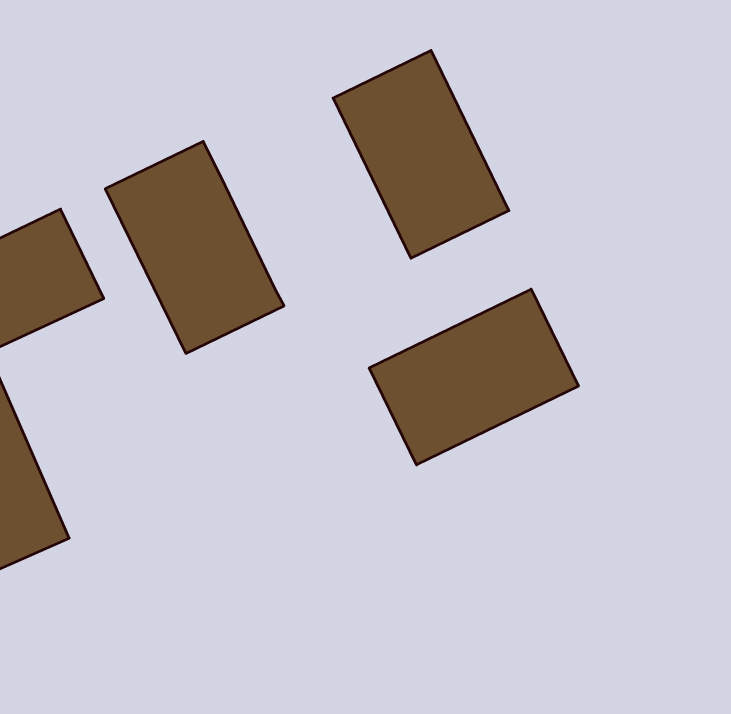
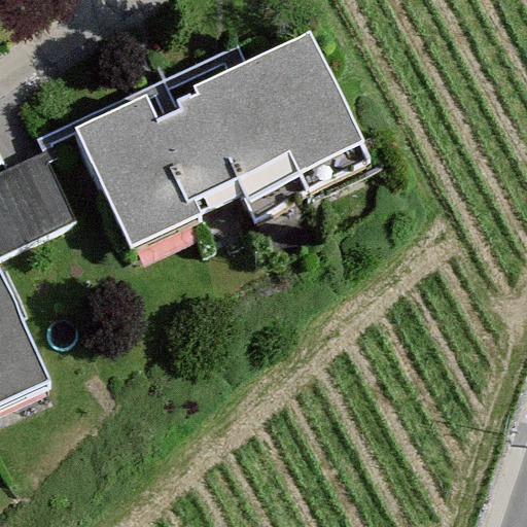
building: none -> [157,70,293,207]
building: [369,289,578,465] -> none

